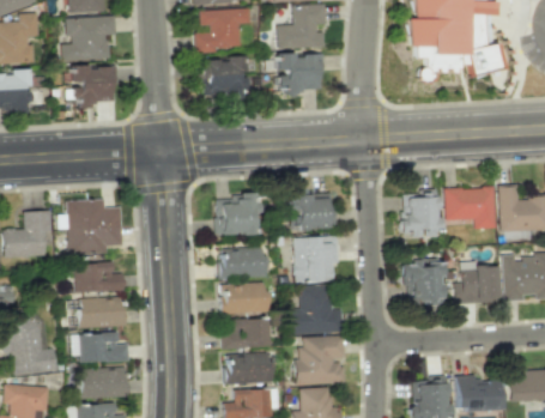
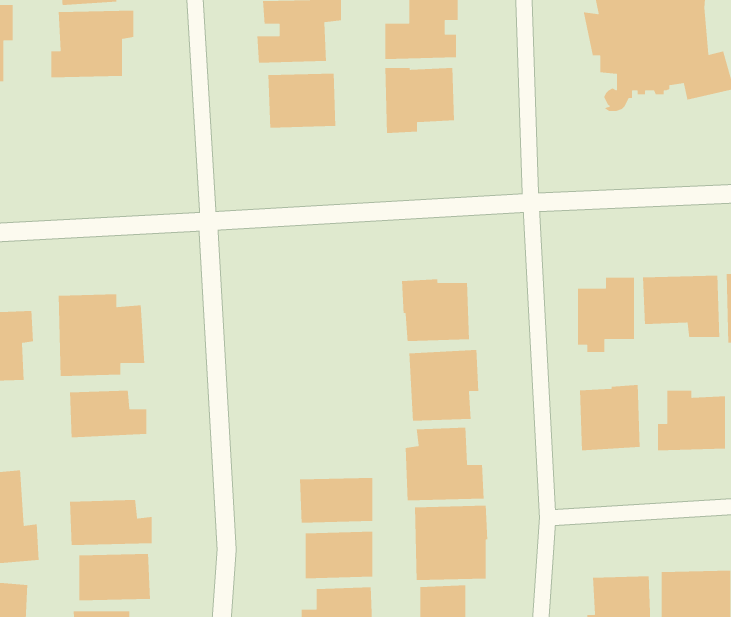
building: [71,66,111,109] -> none
building: [216,196,259,236] -> none
building: [219,248,266,278] -> none
building: [220,283,267,314] -> none
building: [78,297,123,328] -> none

